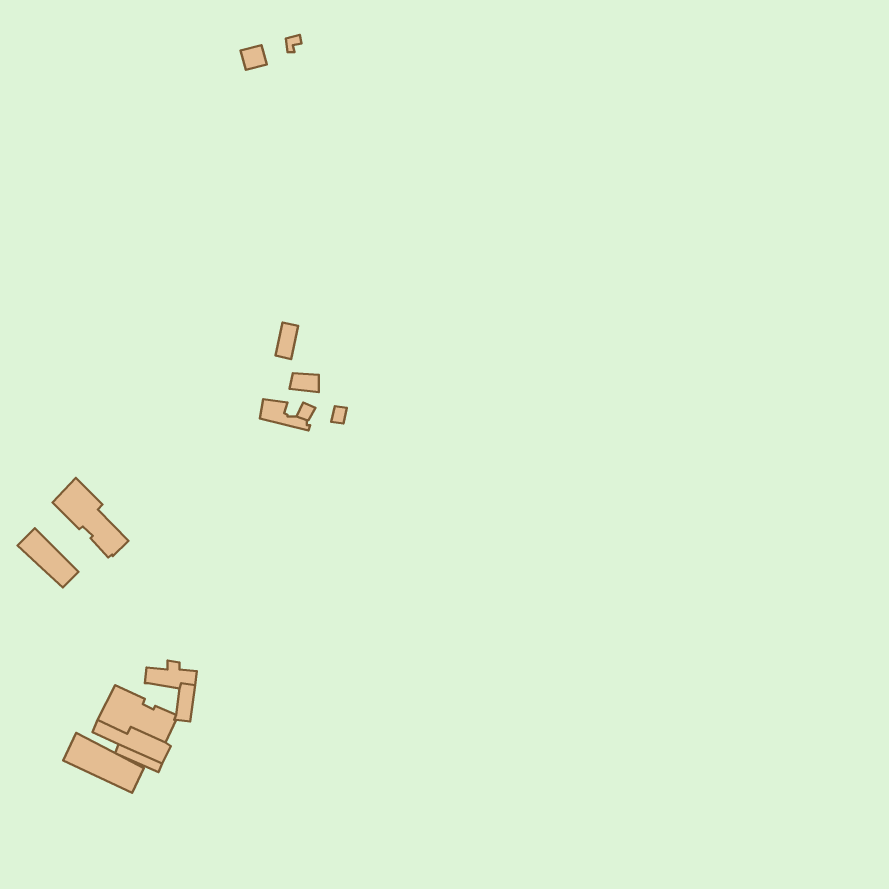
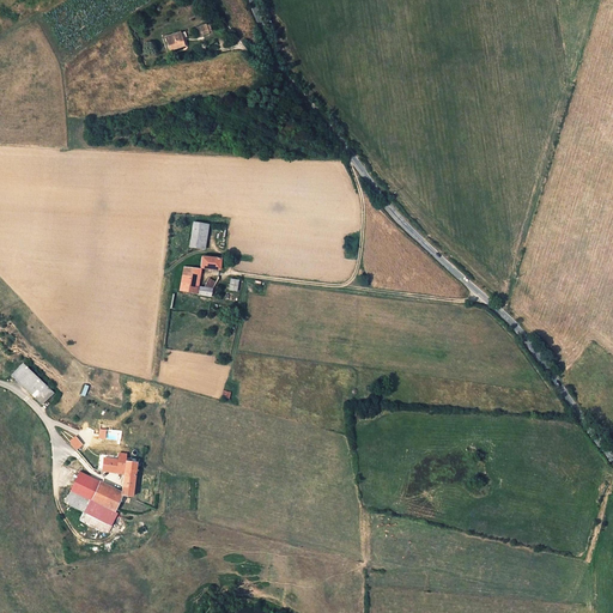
building: [52,478,128,557] -> none
building: [63,733,144,793] -> none

